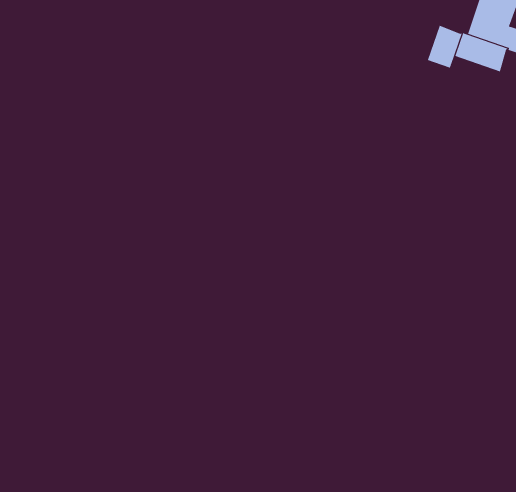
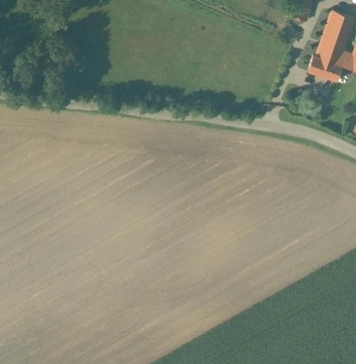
building: [427,25,462,69] -> none

